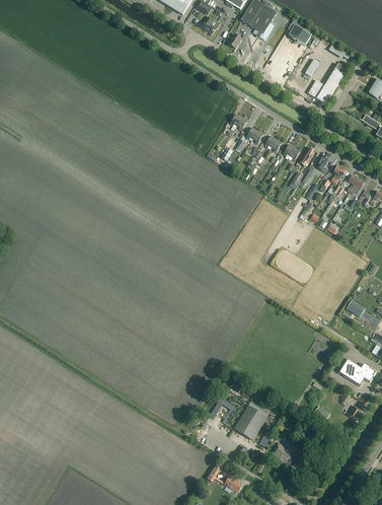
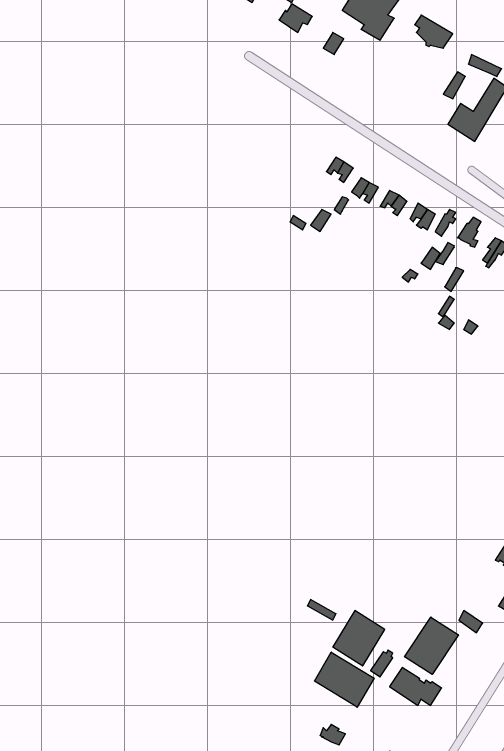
building: none -> [405,617,458,674]
building: none -> [314,652,374,707]

